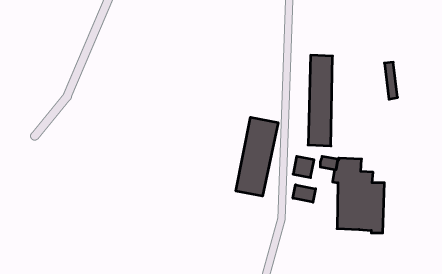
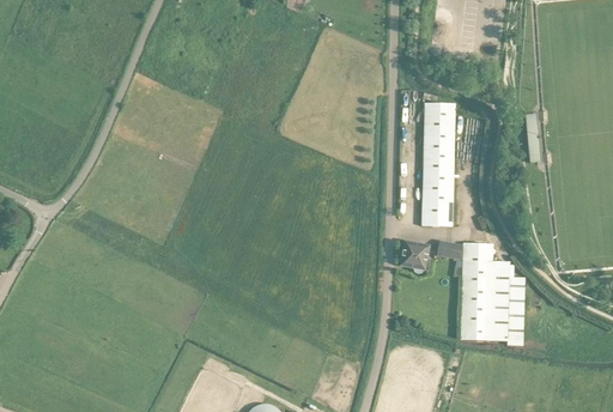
building: [236,117,278,196] -> none
building: [293,185,316,202] -> none

